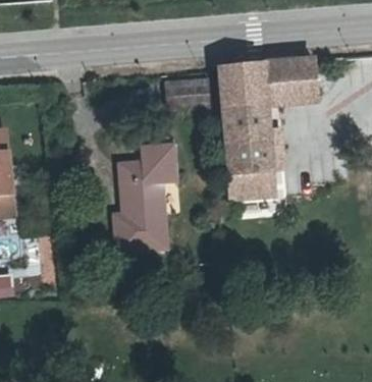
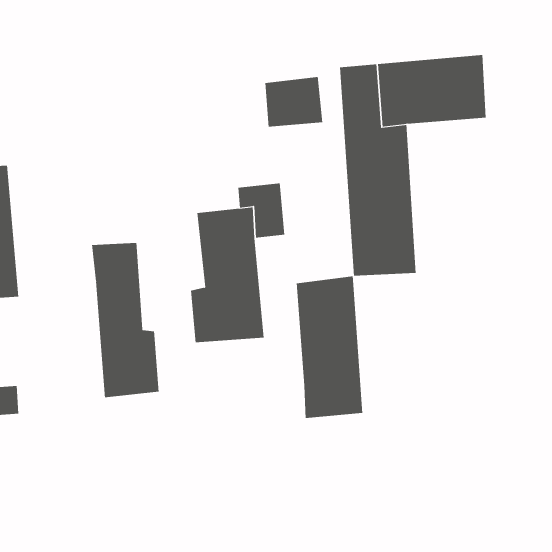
building: none -> [92,242,159,398]
building: none -> [296,276,363,419]

